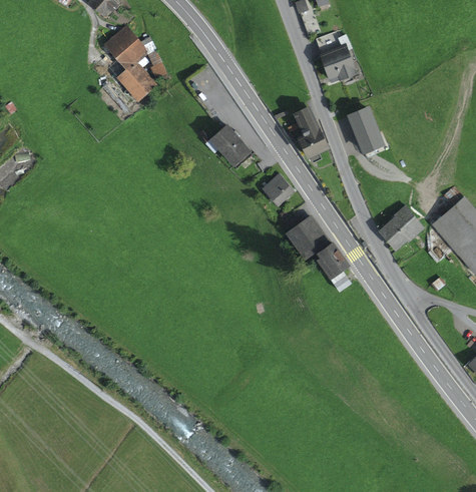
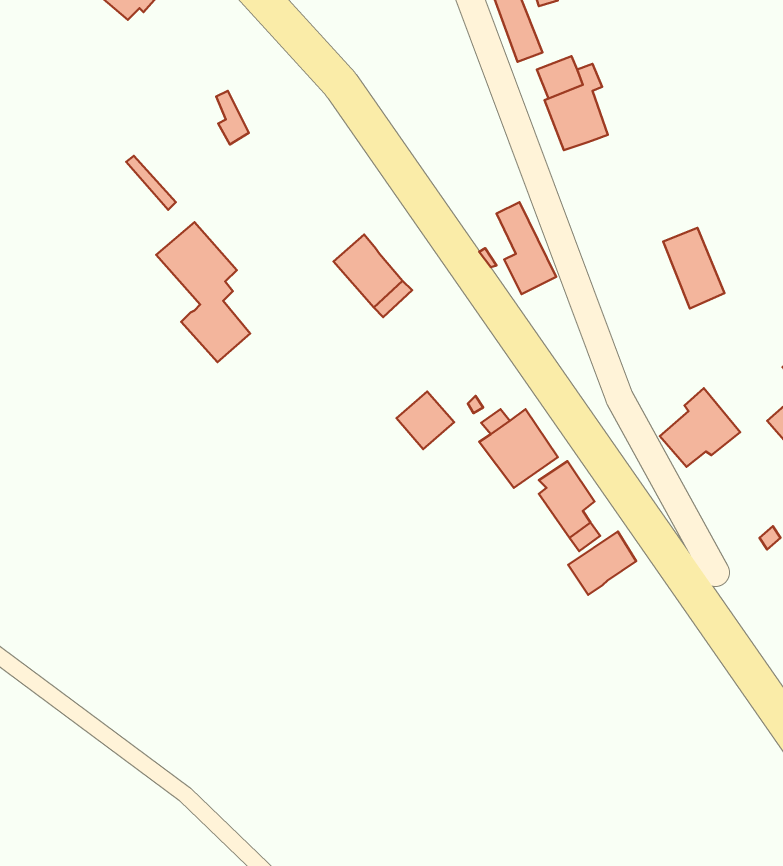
building: [105,26,154,99] -> [156,222,250,362]
building: [349,109,381,151] -> [663,228,724,309]
building: [264,173,294,203] -> [396,391,454,449]
building: none -> [568,532,636,595]

